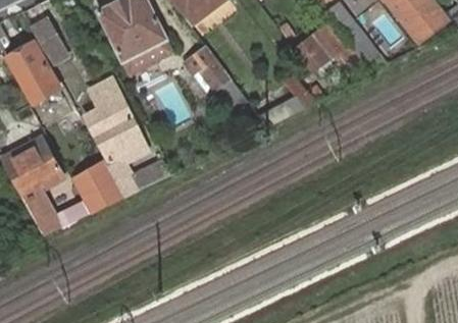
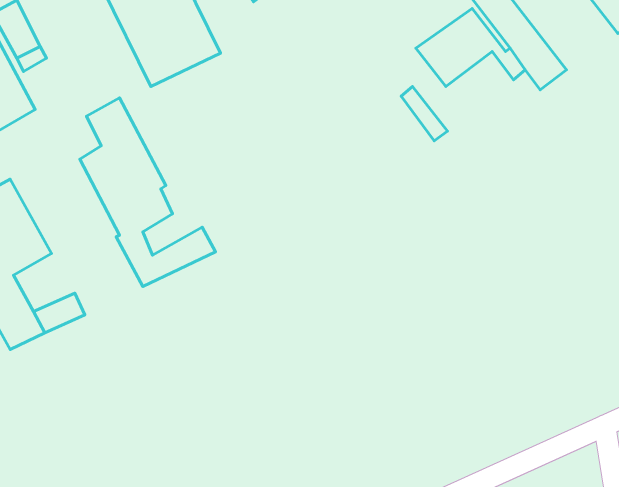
building: [183,46,246,109] -> none
building: [72,161,123,212] -> none

